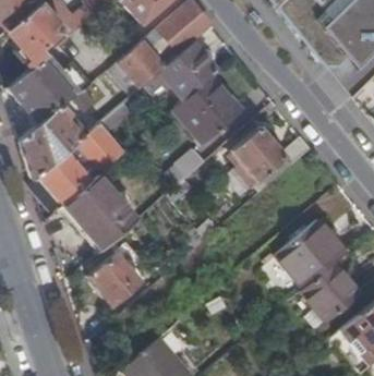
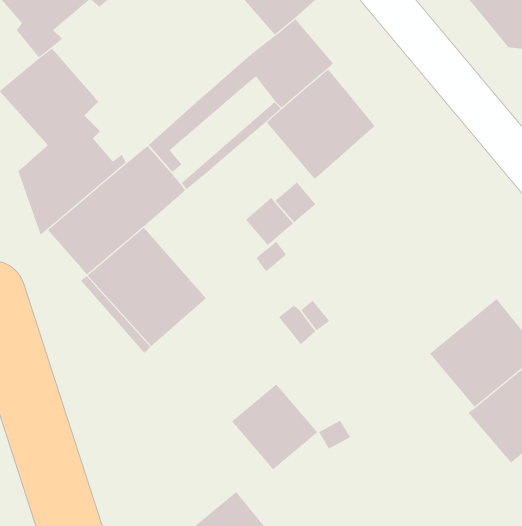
building: [110,41,166,96] -> none
building: [233,126,313,182] -> none
building: [88,252,143,306] -> [231,383,318,470]

